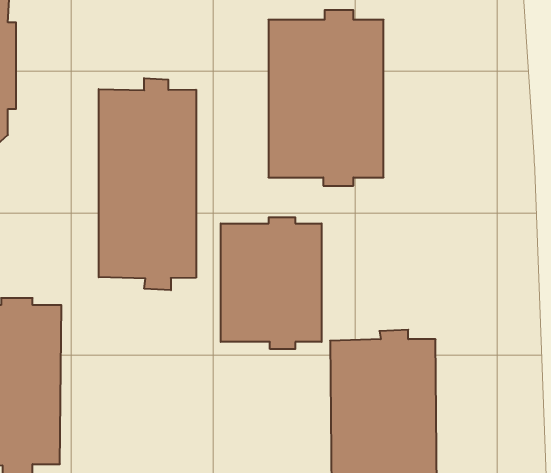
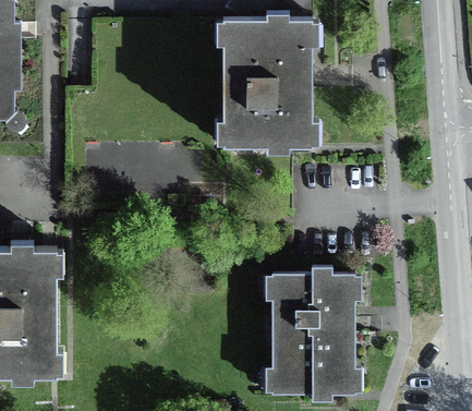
building: [99,78,196,290] -> none
building: [221,217,322,349] -> none

